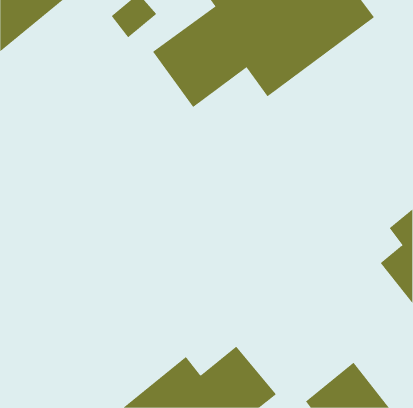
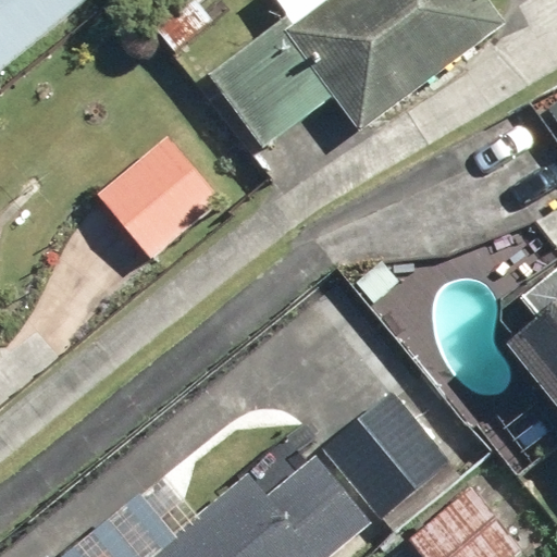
building: none -> [94,136,218,260]
building: none -> [322,389,453,520]

